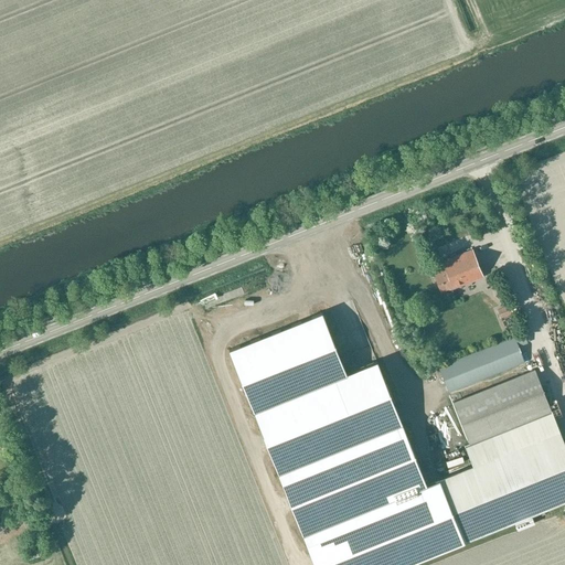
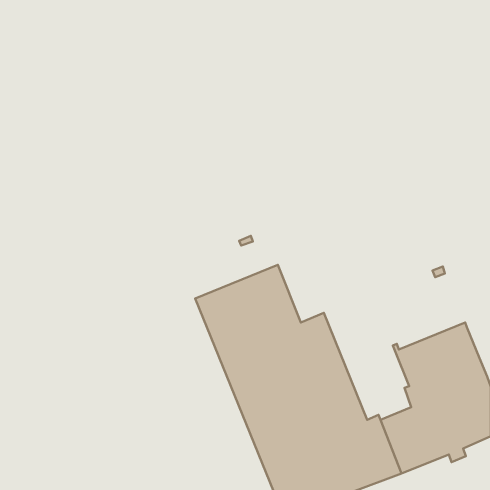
building: [435,252,486,294] -> none
building: [439,334,529,395] -> none

